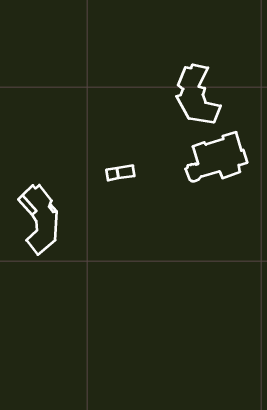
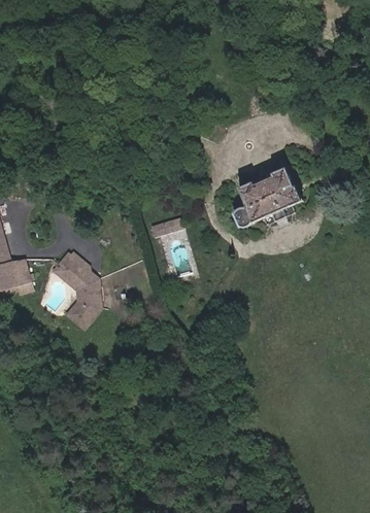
building: [176,65,221,122] -> none

